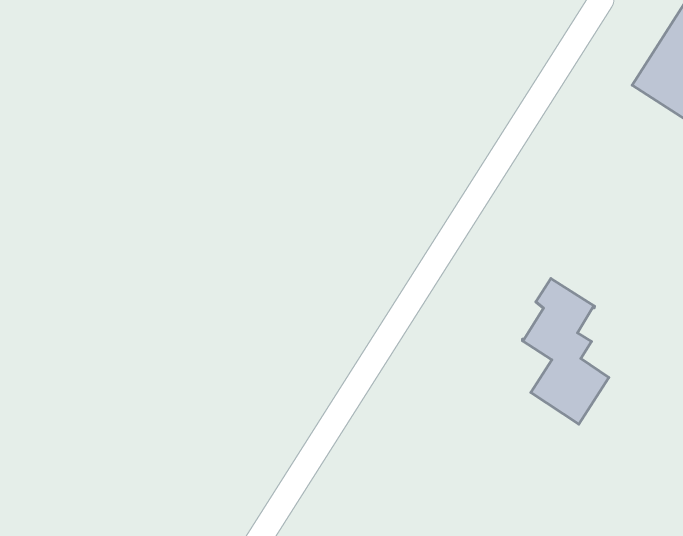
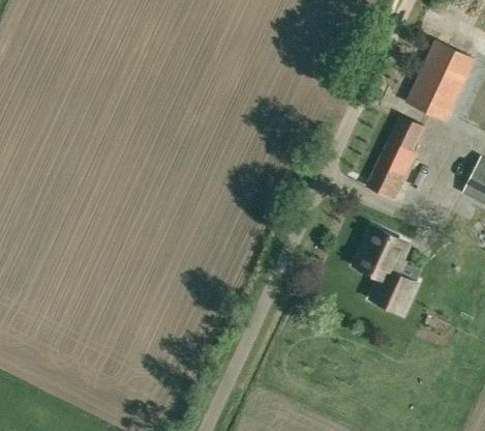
building: none -> [366,115,424,199]

